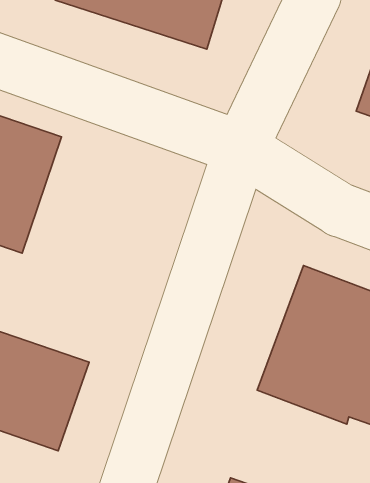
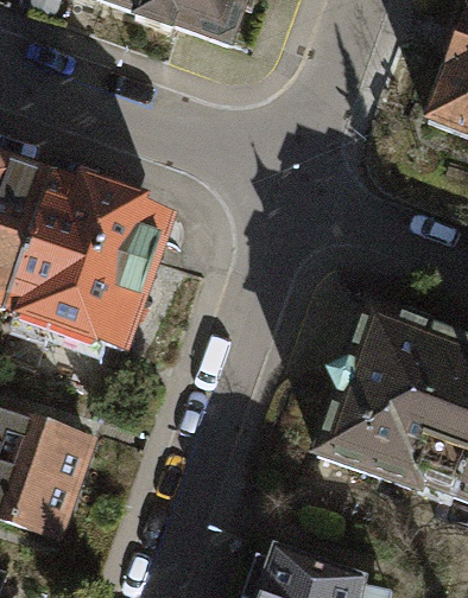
building: none -> [32,163,196,337]

